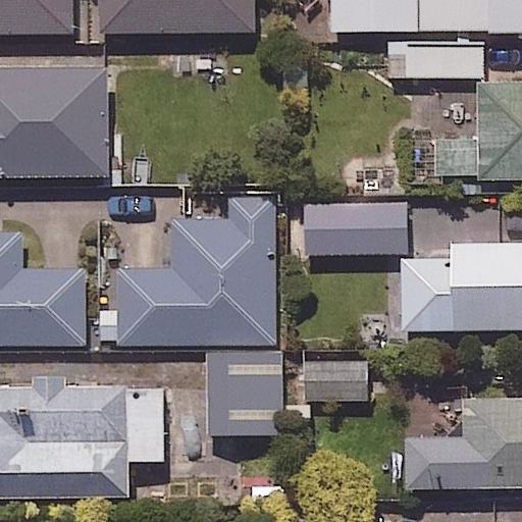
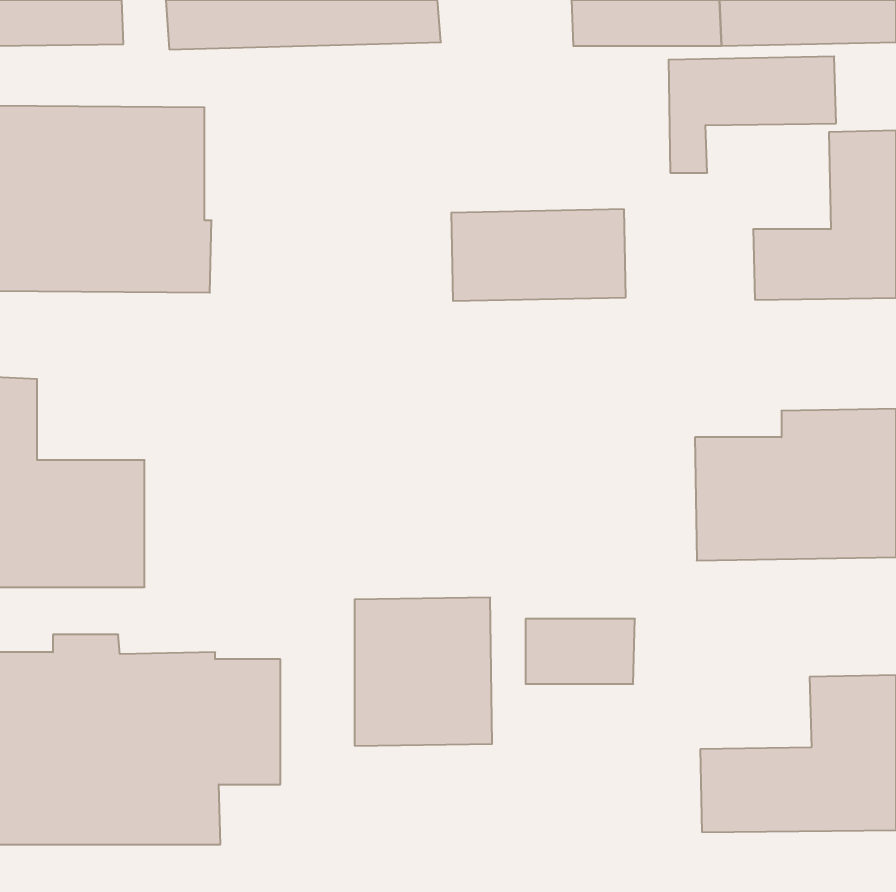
building: [98,201,276,345] -> none
building: [305,203,406,256] -> [451,209,626,301]

